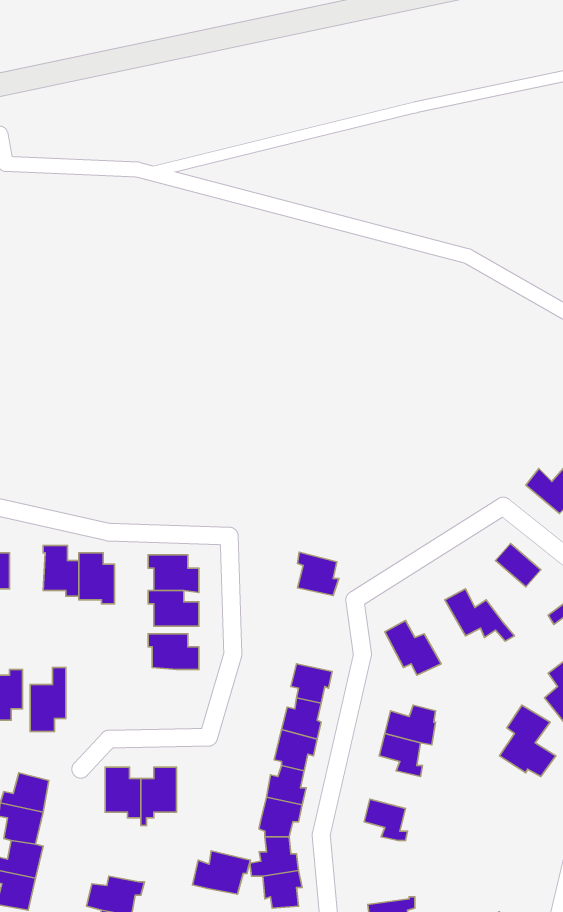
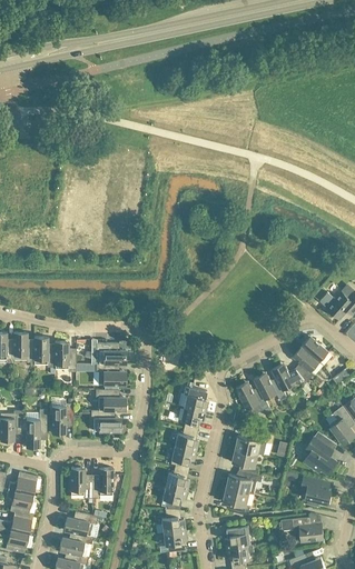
building: none -> [12,332,33,367]
building: [297,552,339,596] -> [183,386,207,411]
building: none -> [292,346,318,382]
building: none -> [253,372,286,400]
building: none -> [50,398,72,433]
building: none -> [90,409,120,431]
building: none -> [226,470,262,493]
building: none -> [299,476,331,507]
building: none -> [278,517,323,541]
building: [192,851,251,894] -> [62,510,97,536]
building: none -> [224,523,249,549]

